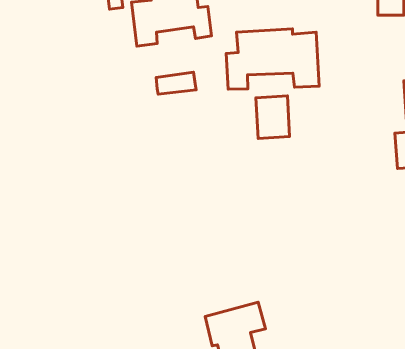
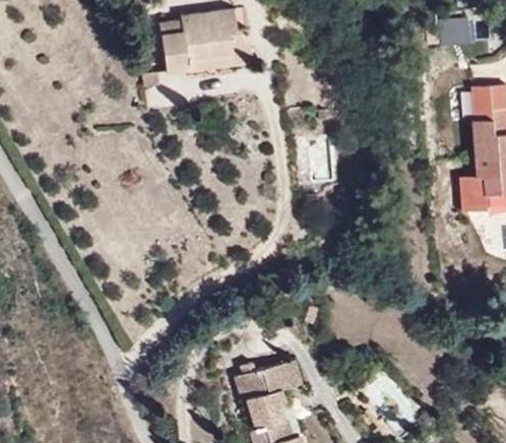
building: [226,29,319,89] -> none
building: [156,72,196,94] -> [184,51,230,76]

